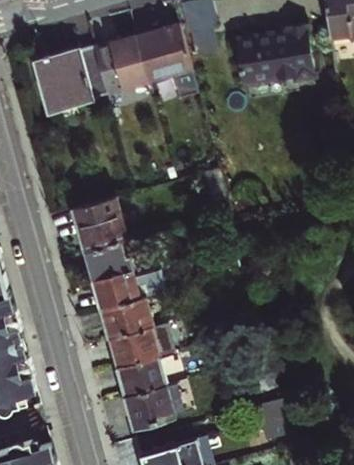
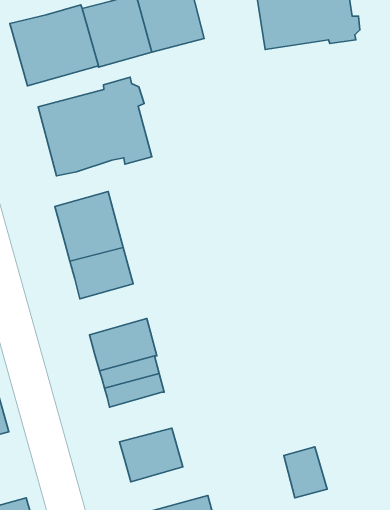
building: none -> [38,77,152,176]
building: [92,267,166,314] -> none
building: [116,360,166,400] -> none

